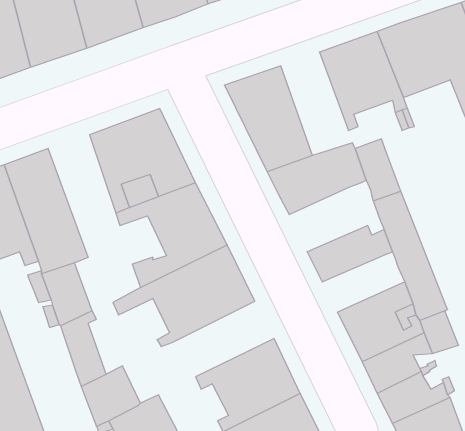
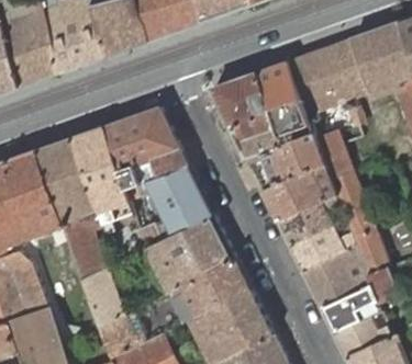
building: none -> [257,60,314,143]
building: none -> [71,126,133,232]
building: none -> [264,168,336,219]
building: none -> [290,226,356,268]
building: none -> [170,259,252,321]

